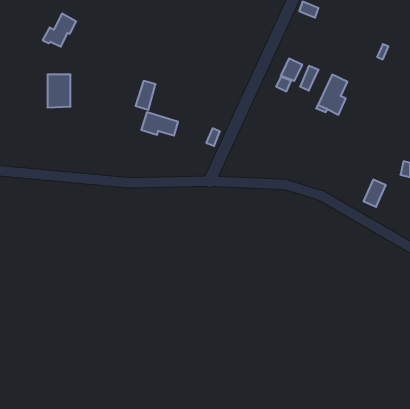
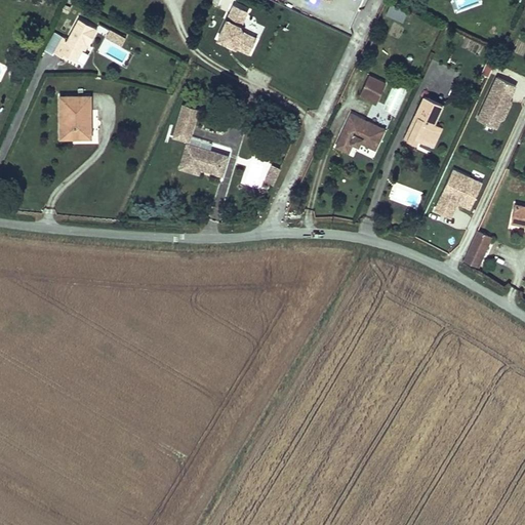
building: none -> [217,5,258,57]
building: none -> [477,80,514,127]
building: none -> [335,114,386,153]
building: none -> [435,170,481,217]

